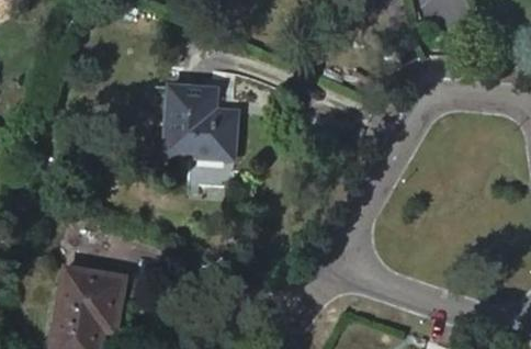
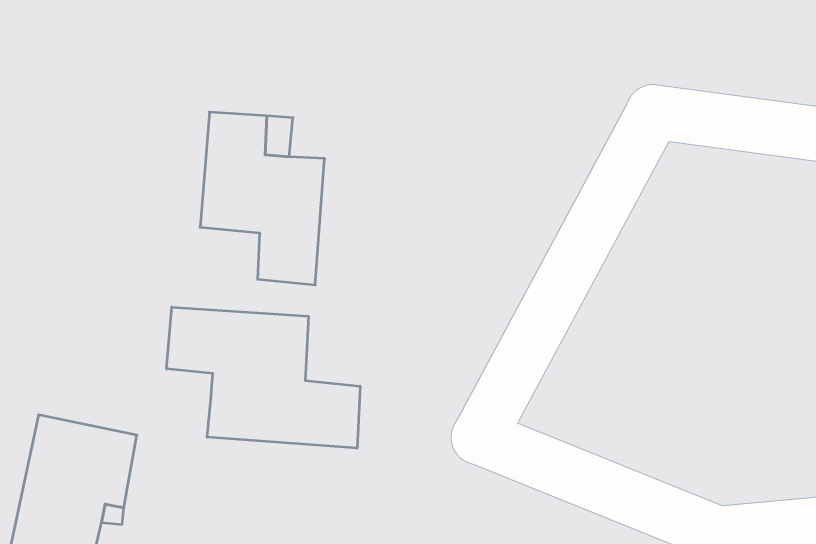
building: none -> [167,307,360,448]

